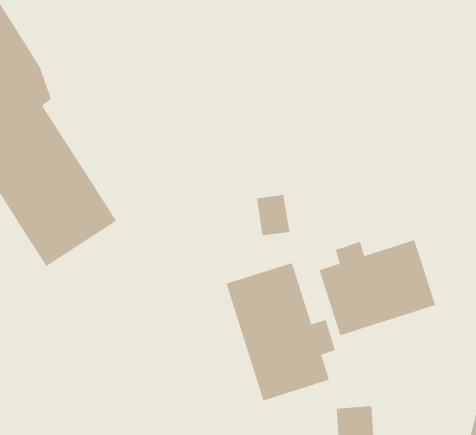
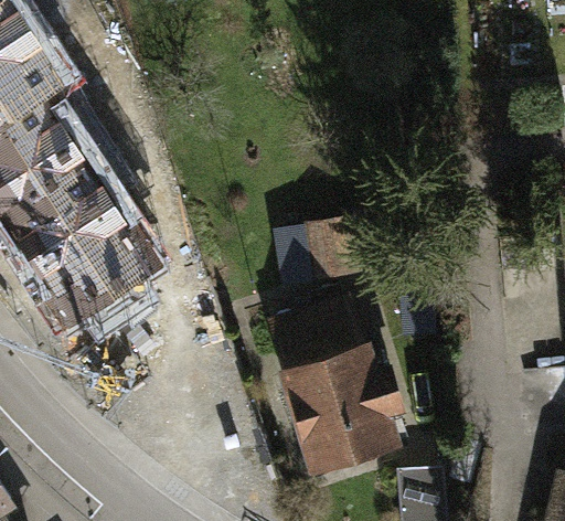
building: [319,239,436,336] -> none

